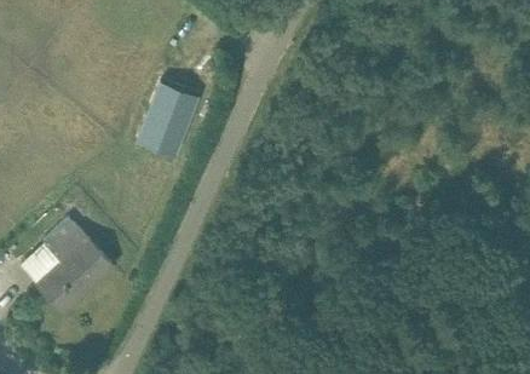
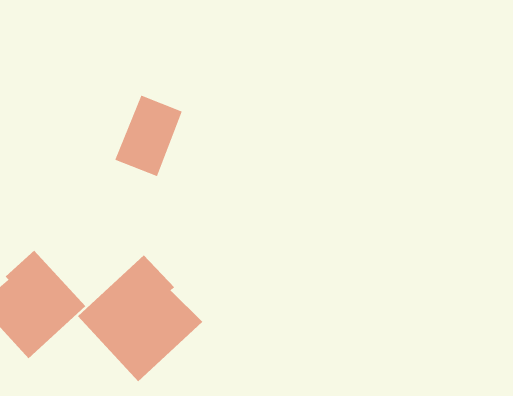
building: none -> [77,254,203,382]

